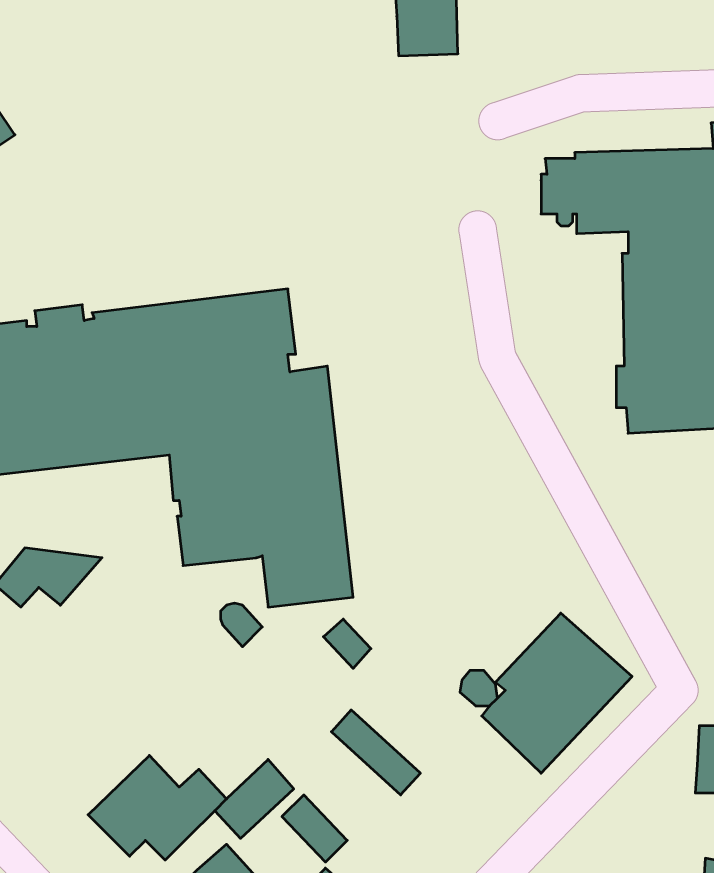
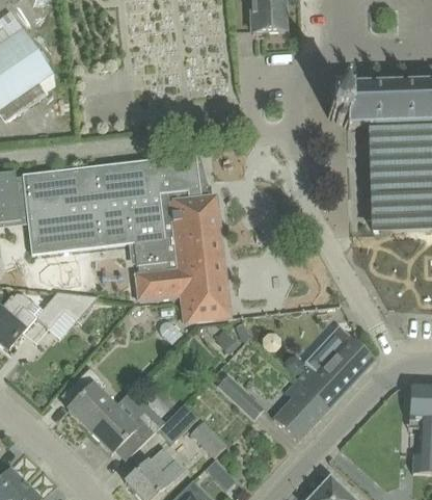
building: none -> [66,366,123,430]
building: none -> [273,378,328,441]

